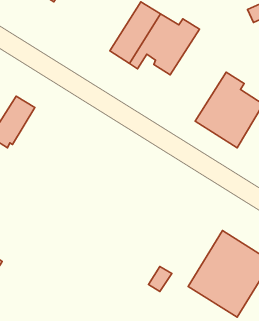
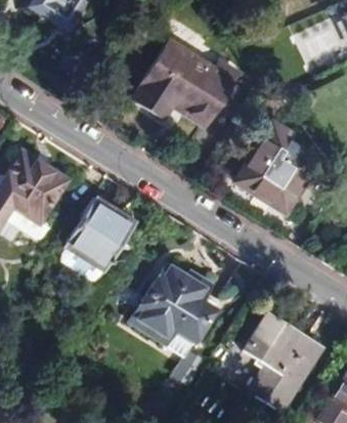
building: none -> [16,165,69,223]
building: none -> [66,199,135,271]
building: none -> [131,269,216,345]

